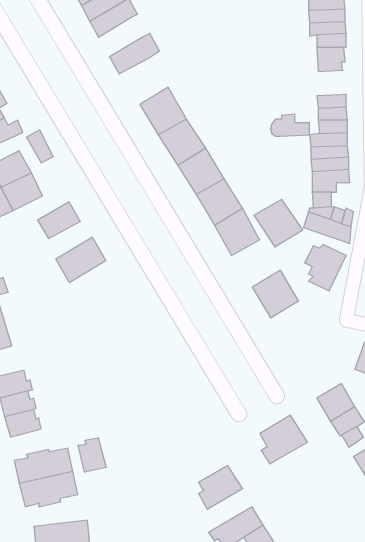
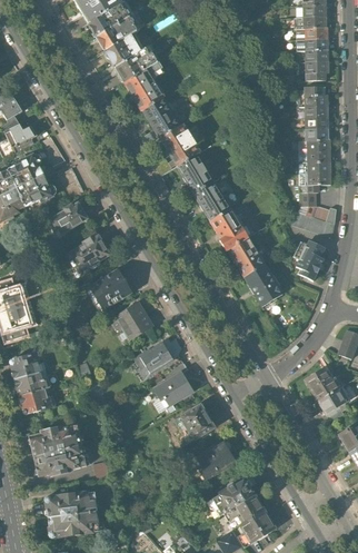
building: none -> [103,32,143,68]
building: none -> [122,69,167,111]
building: [271,114,310,136] -> [294,83,329,103]
building: [254,199,303,247] -> [225,235,269,278]
building: none -> [89,268,133,309]
building: none -> [109,300,153,340]
building: none -> [139,339,173,373]
building: none -> [152,371,193,405]
building: [260,415,308,464] -> [175,401,218,445]
building: [78,438,106,472] -> none

